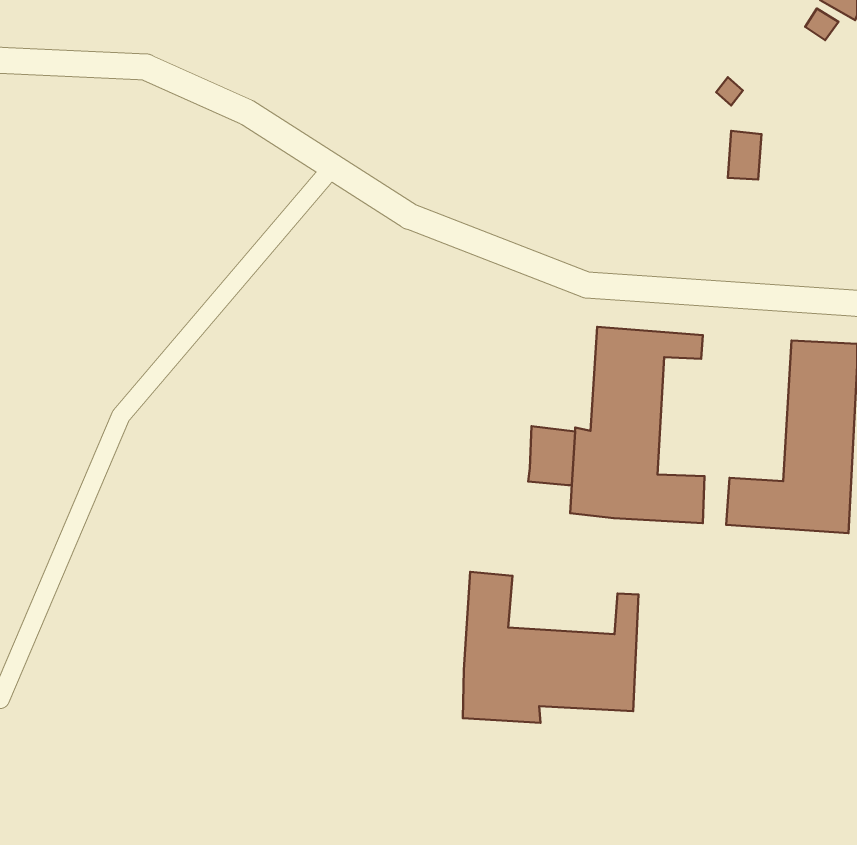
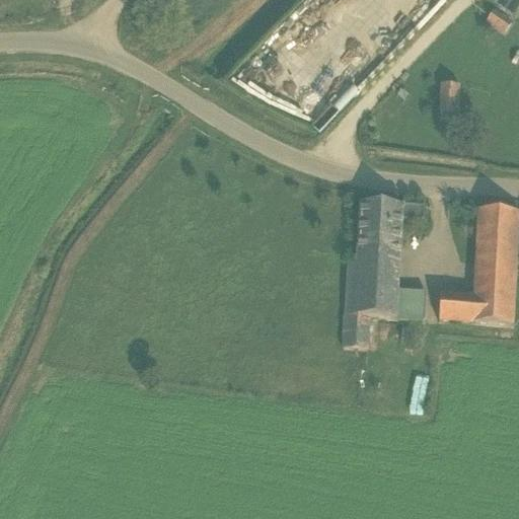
building: [528,426,575,485] -> [343,310,371,346]
building: [463,572,639,723] -> none

